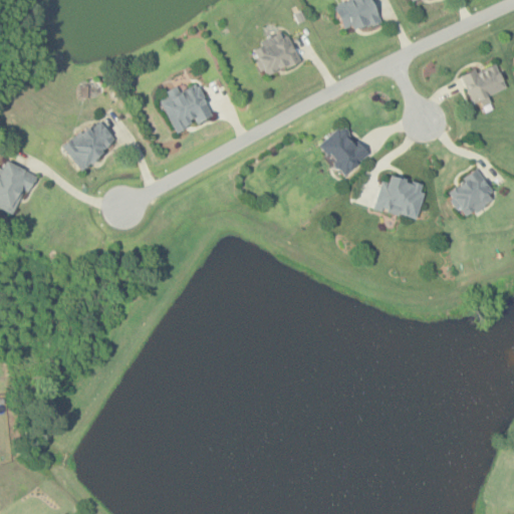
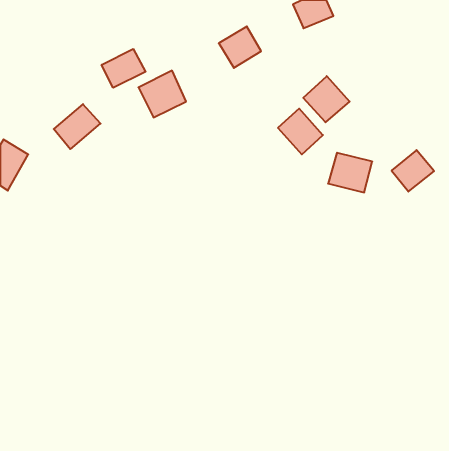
building: none -> [102,49,146,88]
building: [463,63,506,107] -> none
building: none -> [303,76,350,122]

